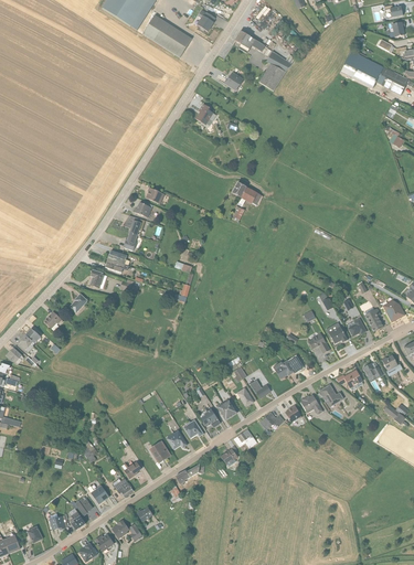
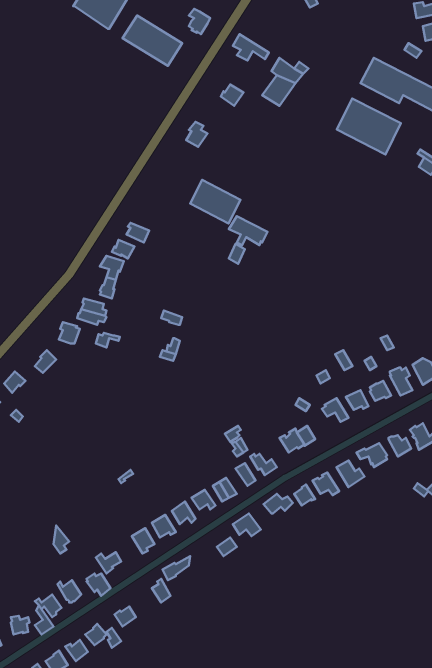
building: none -> [337,98,401,154]
building: none -> [190,180,240,224]

